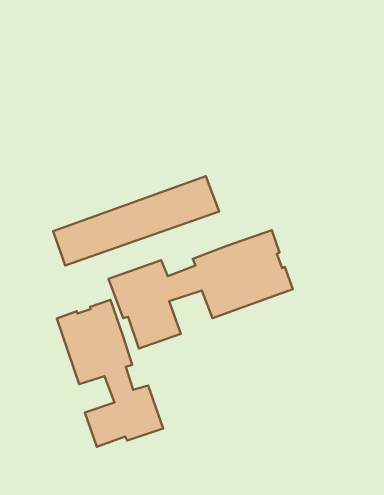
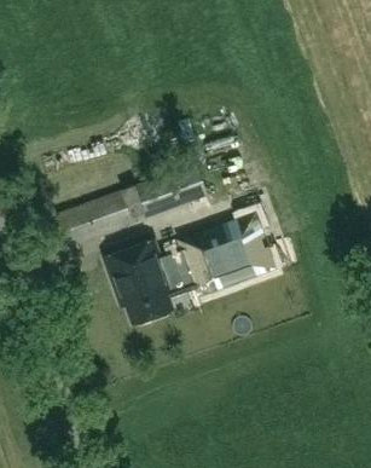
building: [57,300,163,447] -> none

